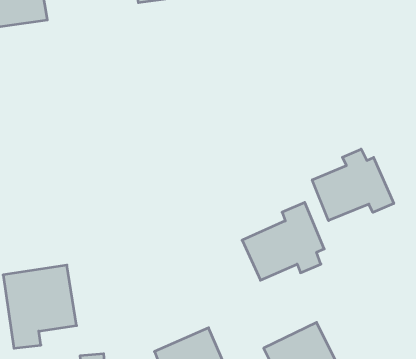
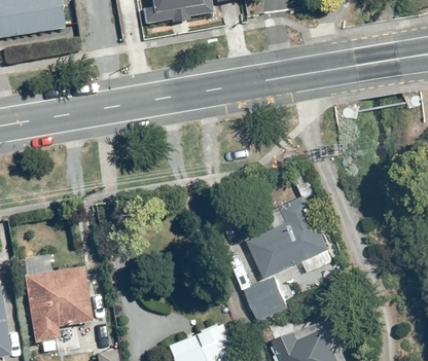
building: [312,149,394,221] -> none
building: none -> [245,276,290,321]

